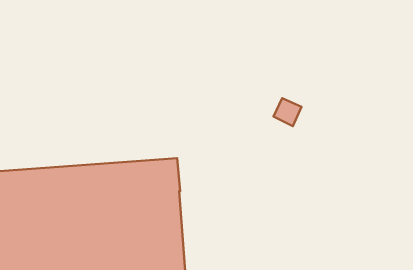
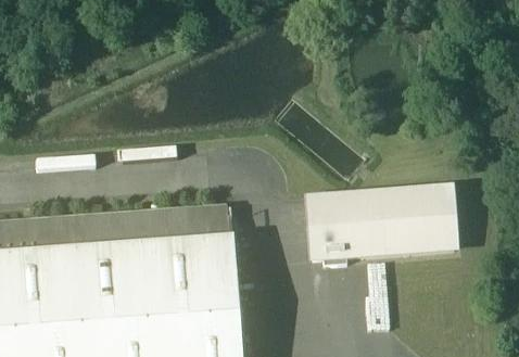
building: none -> [314,188,463,257]

